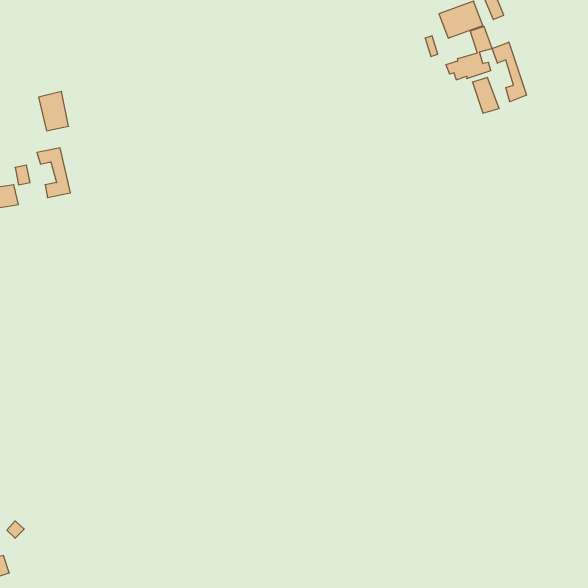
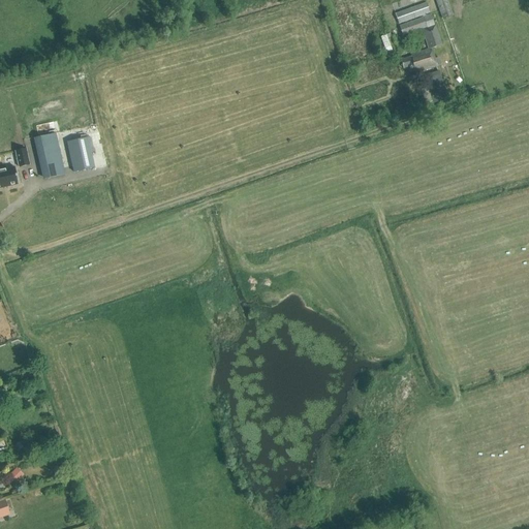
building: [492,42,526,102] -> none
building: [39,92,69,131] -> [65,135,92,170]

